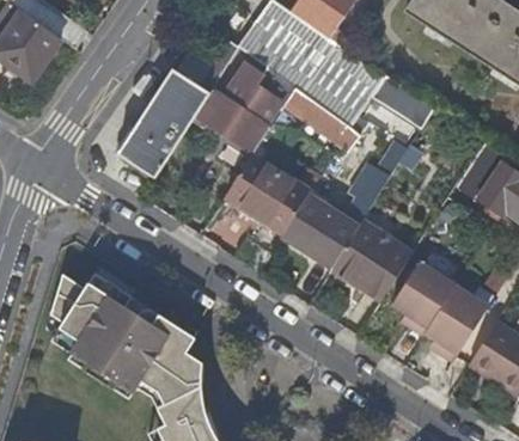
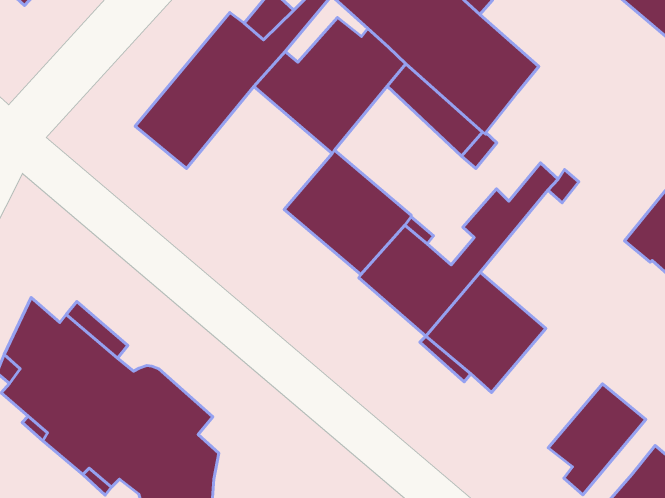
building: [373,76,435,128] -> none
building: [392,262,456,336] -> none

